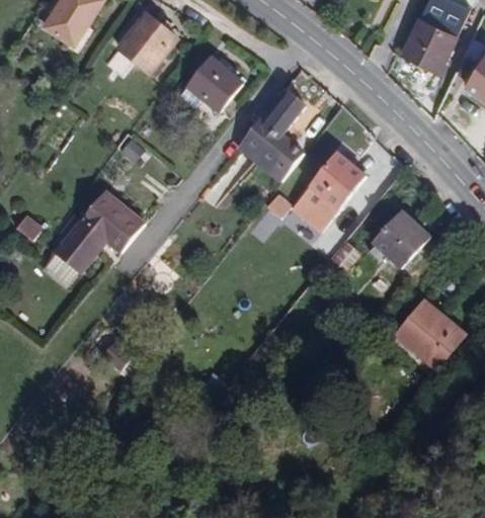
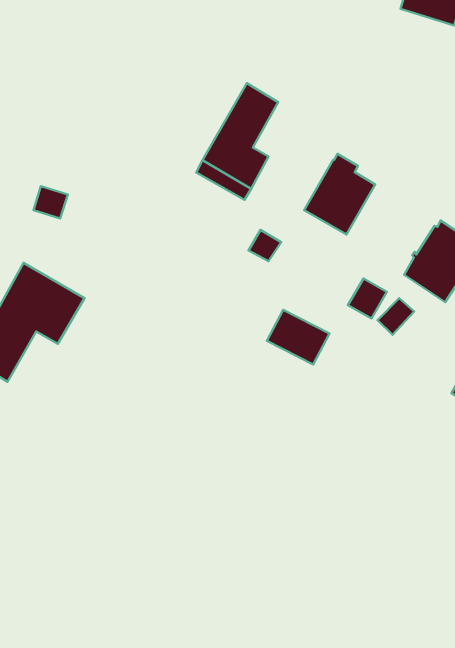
building: [119,14,182,73] -> none
building: [182,56,243,111] -> none
building: [291,188,336,231] -> [267,310,329,364]

